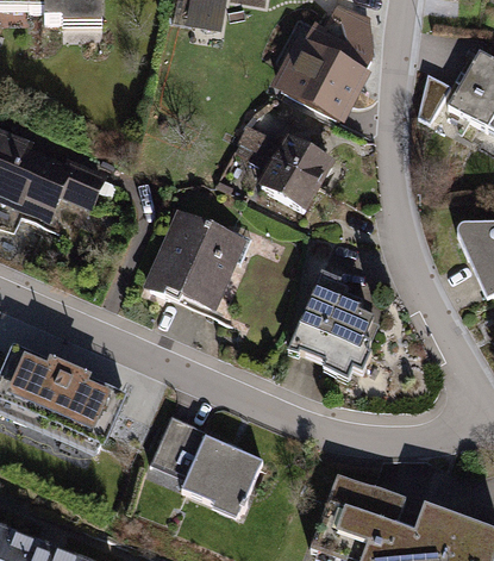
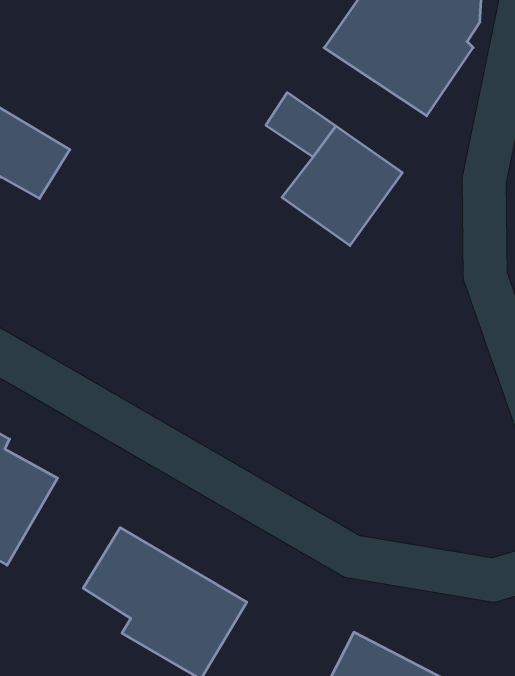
building: [140,205,246,307] -> none
building: [287,269,379,379] -> none

